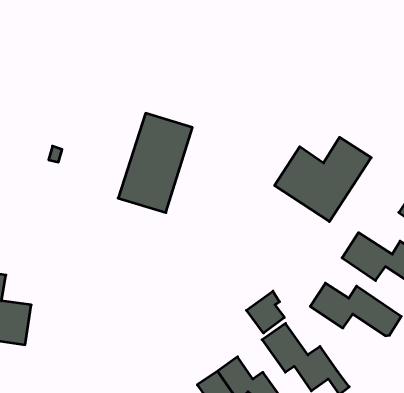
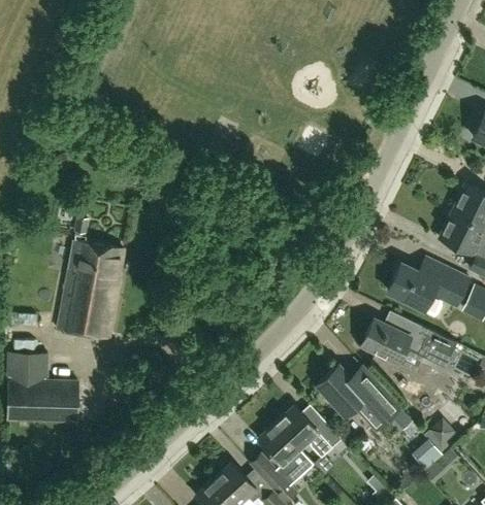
building: [118,113,192,213] -> [58,241,124,339]
building: [275,137,371,222] -> none
building: [246,291,284,333] -> none

